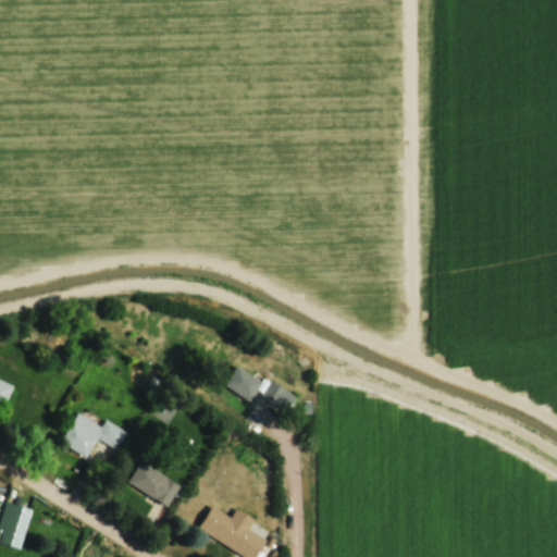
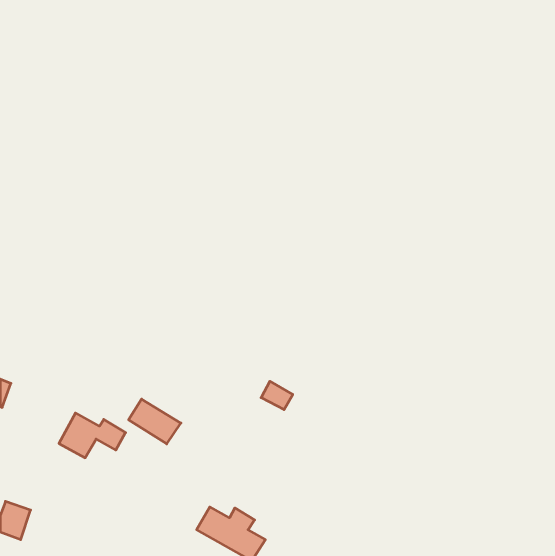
building: [226,367,263,403] -> none
building: [129,462,182,507] -> [129,399,181,444]

